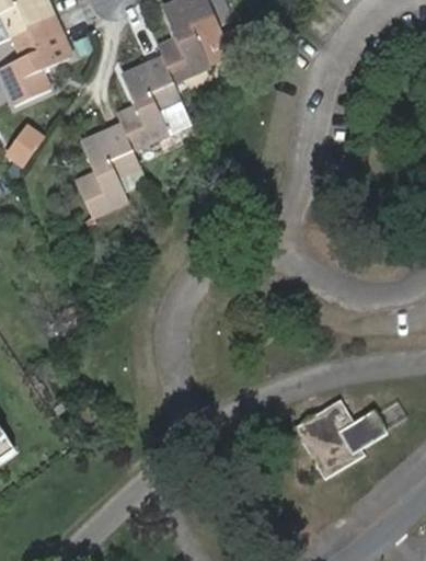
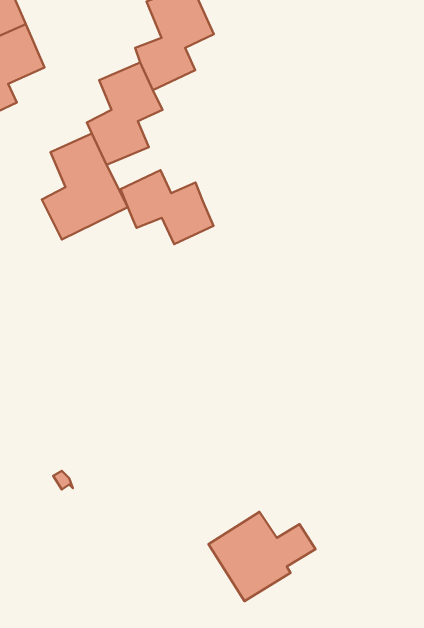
building: none -> [121,170,214,244]
building: [295,400,389,479] -> [208,512,316,601]

